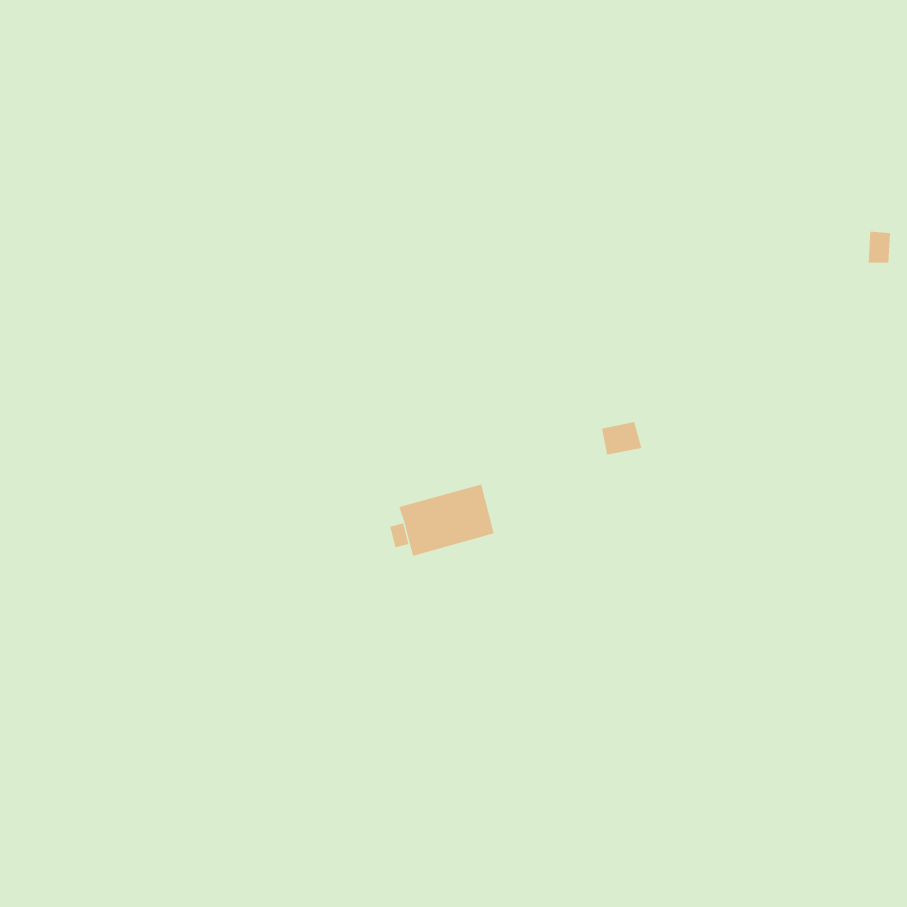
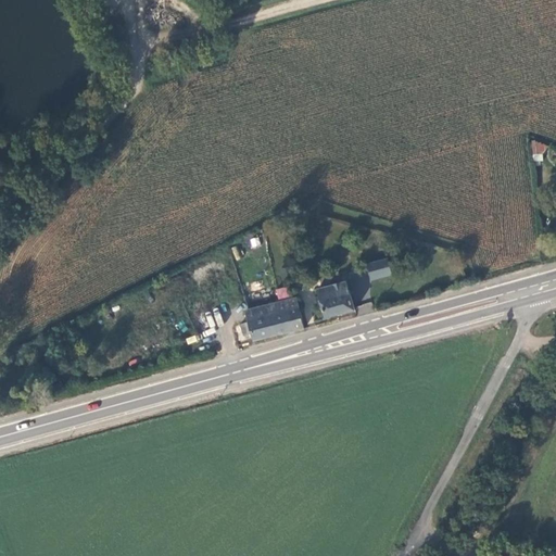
building: none -> [316,282,353,318]

